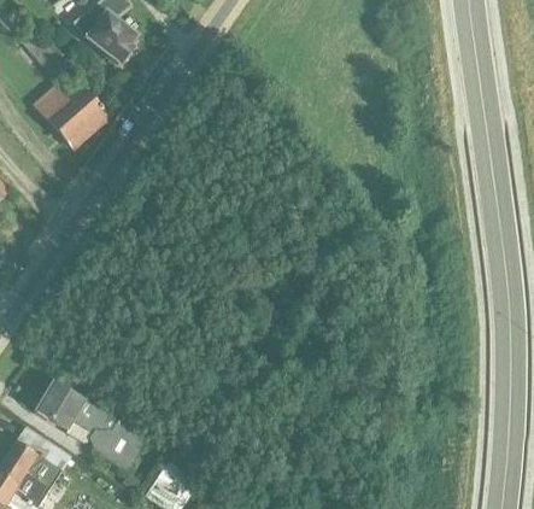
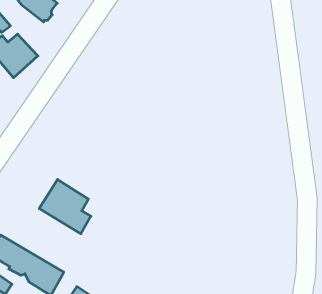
building: none -> [39,179,91,234]

